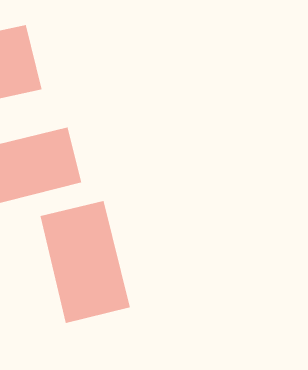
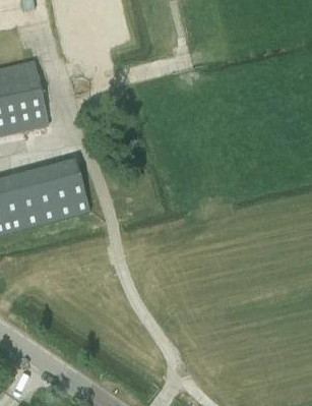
building: [40,200,131,324] -> none

